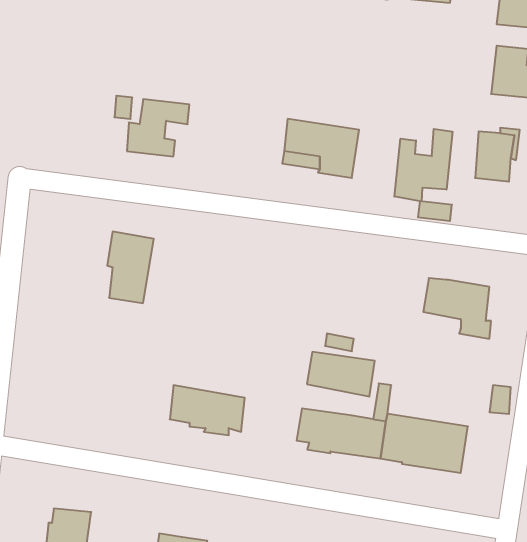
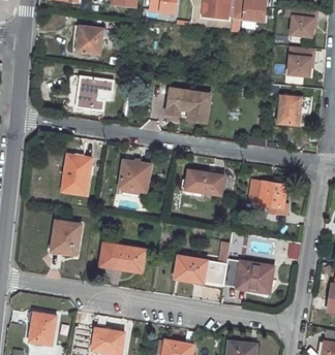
building: none -> [77,26,103,55]
building: [394,129,452,201] -> none
building: none -> [119,161,151,198]
building: none -> [52,221,81,254]
building: [307,352,375,397] -> [185,170,224,196]

